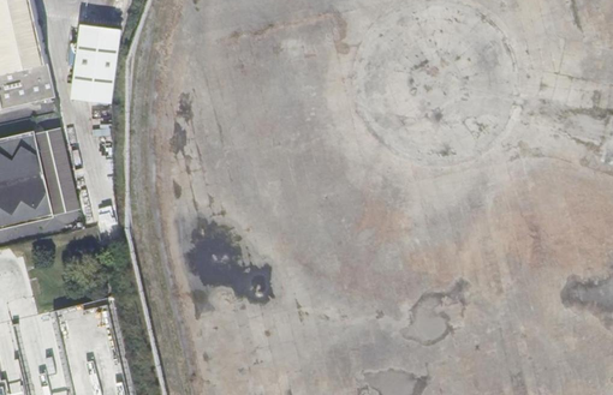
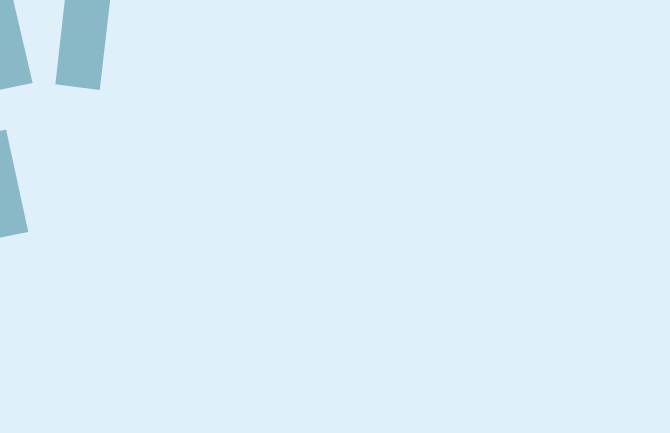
building: [31,130,77,219] -> none

